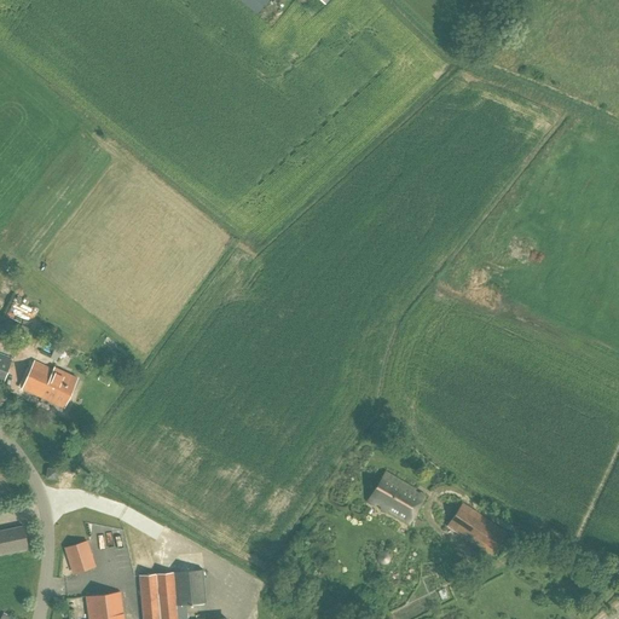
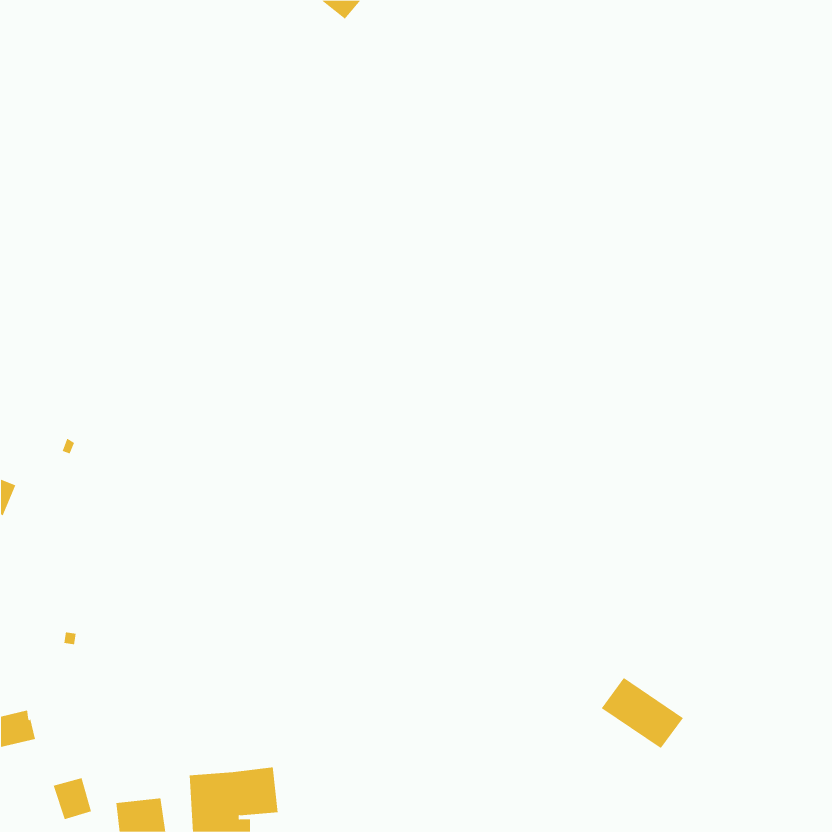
building: [22,361,77,409] -> none
building: [369,473,424,525] -> none
building: [65,542,94,573] -> [53,777,92,820]

